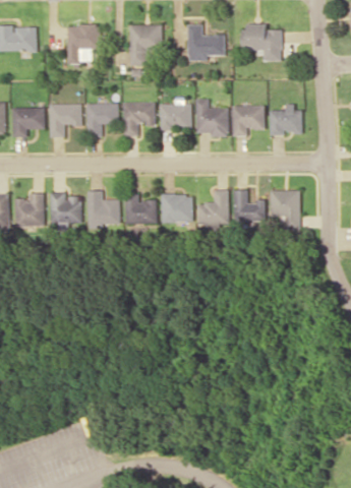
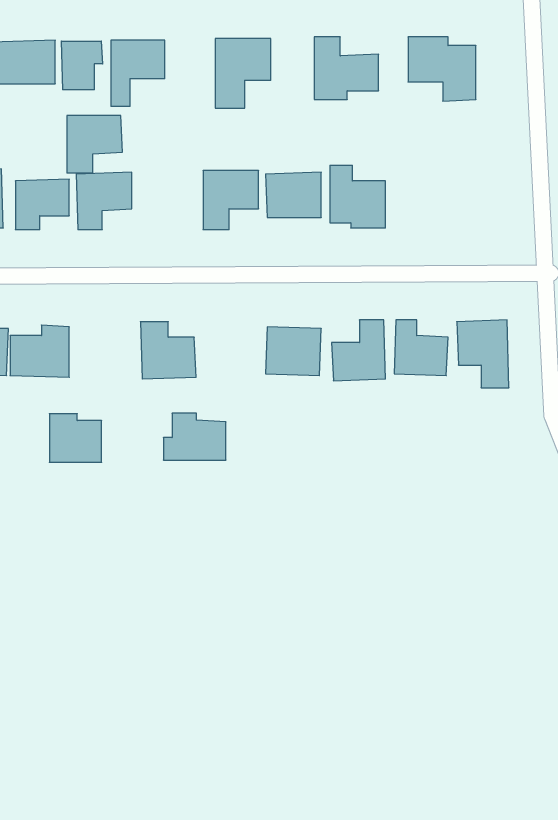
building: none -> [61,41,103,90]
building: [85,104,118,137] -> [67,116,122,173]
building: [270,104,302,136] -> none
building: [232,106,265,136] -> none
building: [49,193,79,222] -> [49,414,102,462]
building: [118,196,155,224] -> [163,413,226,460]

